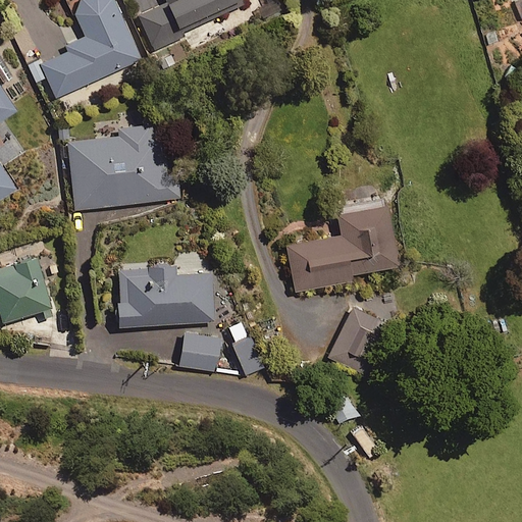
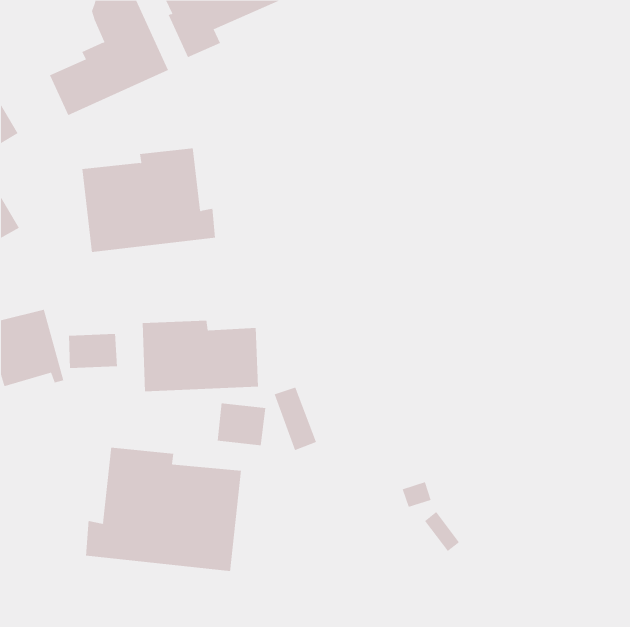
building: [286,203,399,291] -> none
building: none -> [69,333,118,369]
building: [328,308,388,375] -> none
building: none -> [85,447,241,572]

